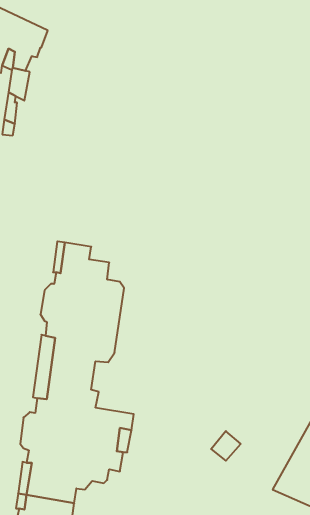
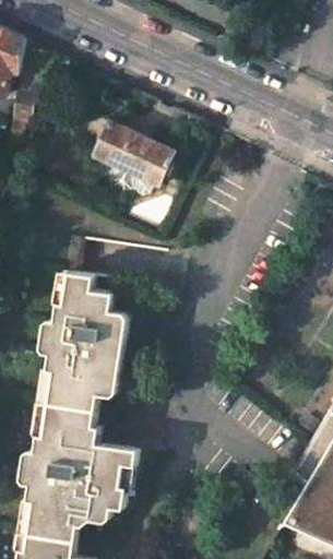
building: none -> [94,121,174,195]

